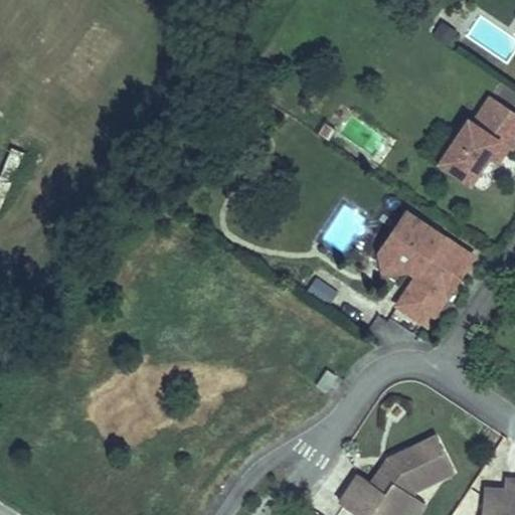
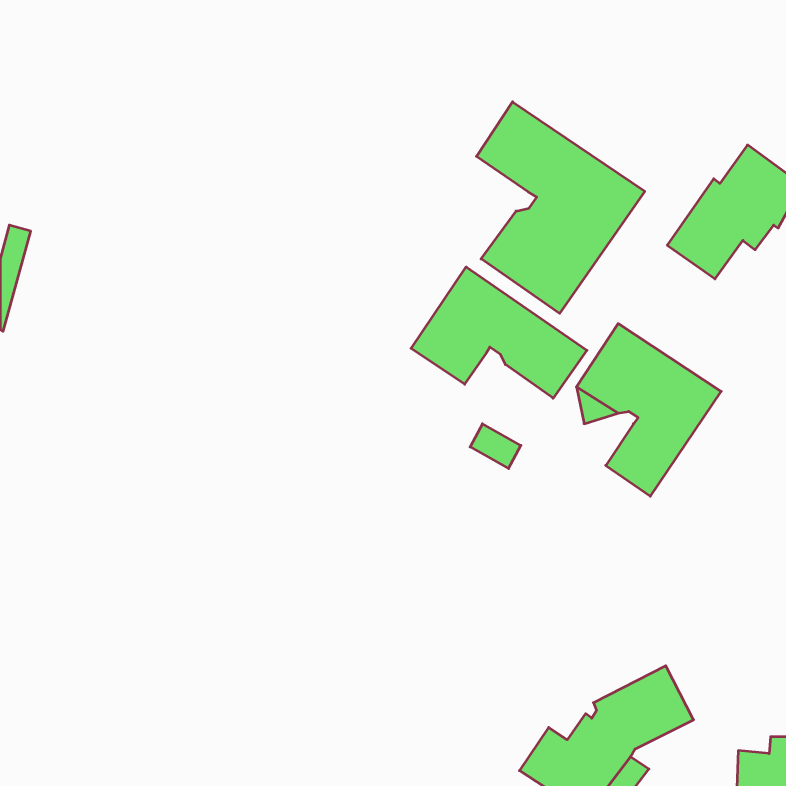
building: none -> [476,102,645,313]
building: none -> [411,267,587,398]

